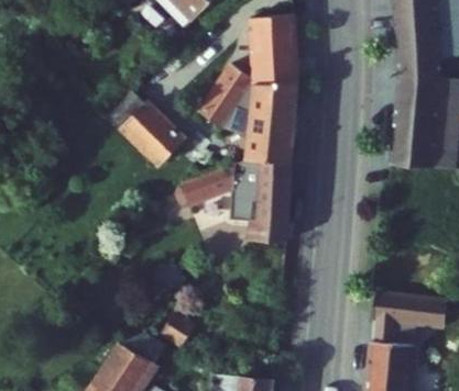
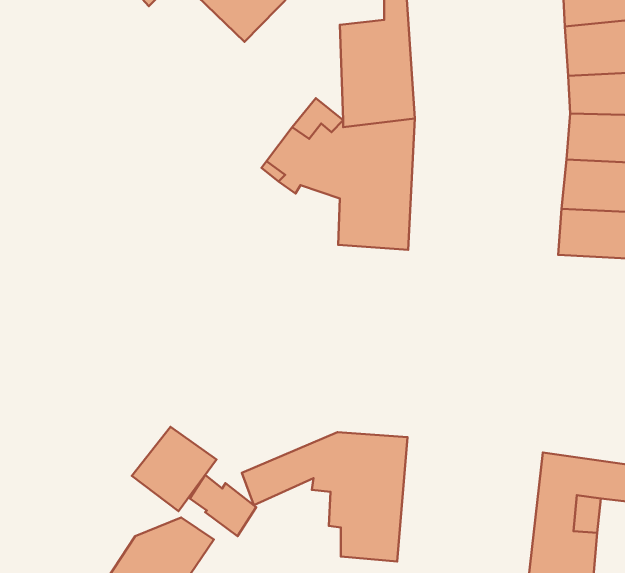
building: [107,94,184,166] -> none
building: [184,159,291,243] -> [242,432,407,562]
building: none -> [132,427,217,511]

